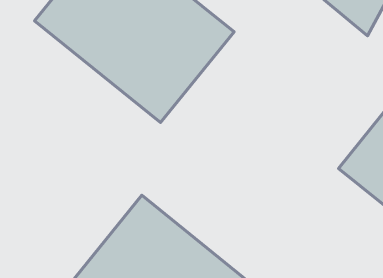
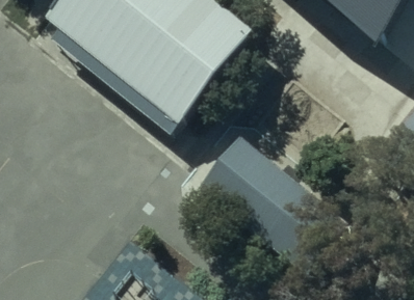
building: none -> [199,146,335,275]

